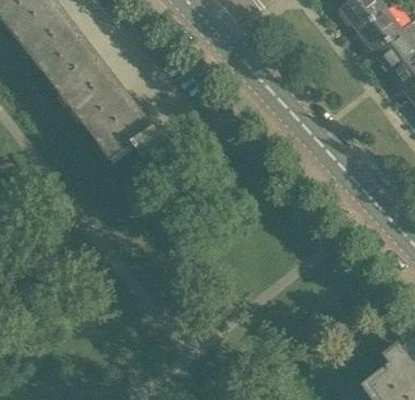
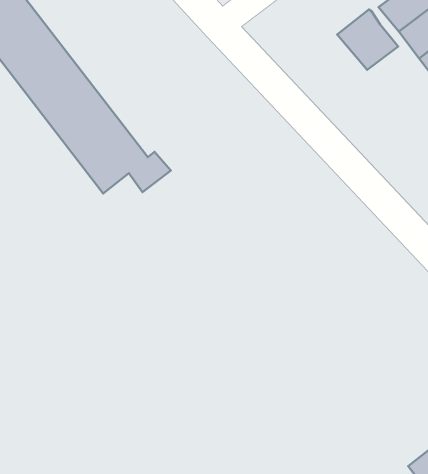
building: none -> [337,10,398,70]

